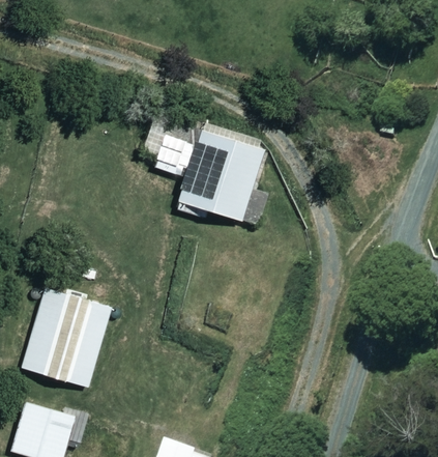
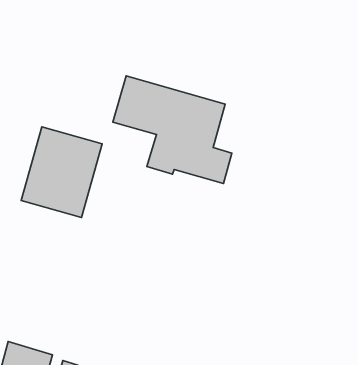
building: [21,288,110,388] -> [21,127,102,218]

